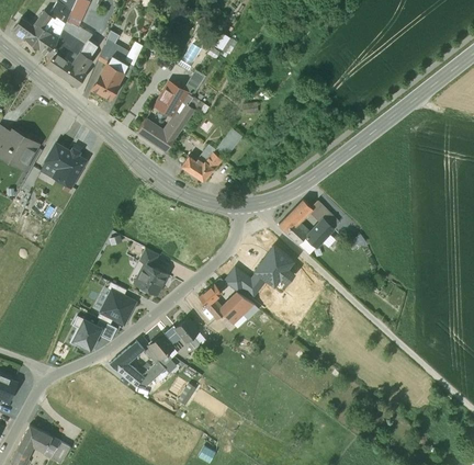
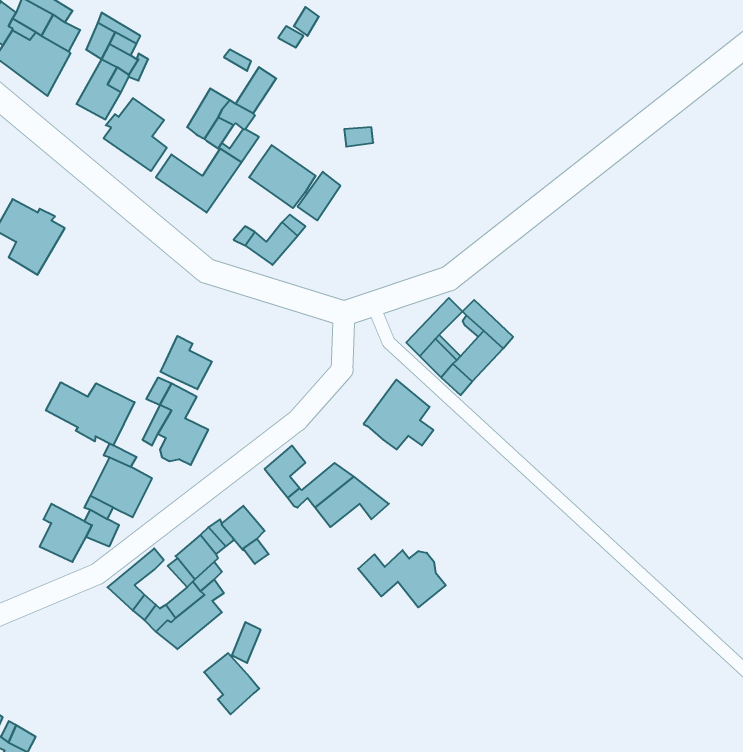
building: none -> [104,98,167,171]
building: none -> [249,145,316,208]
building: none -> [160,336,212,389]
building: none -> [46,382,135,445]
building: [225,269,266,296] -> none
building: none -> [358,550,446,607]
building: none -> [204,653,259,714]

